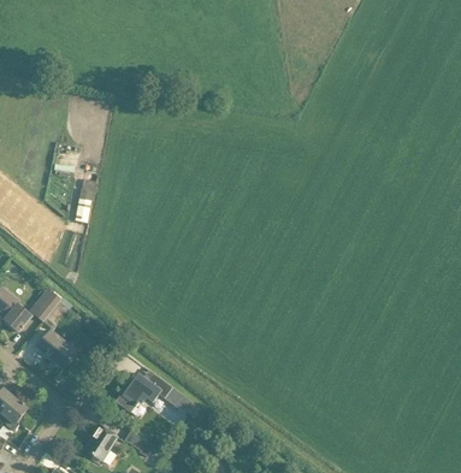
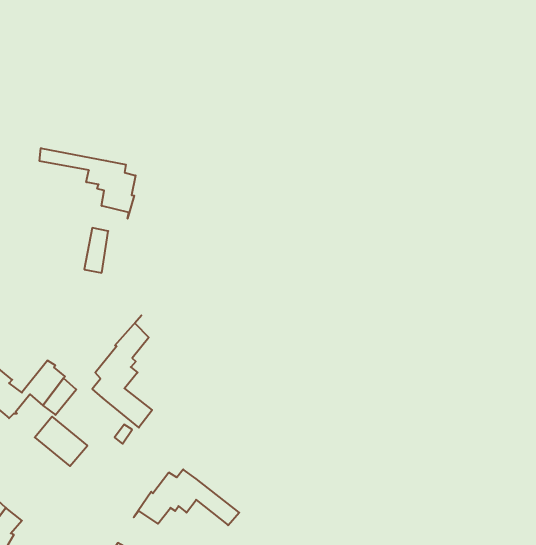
building: none -> [40,148,136,219]
building: none -> [92,315,152,428]

